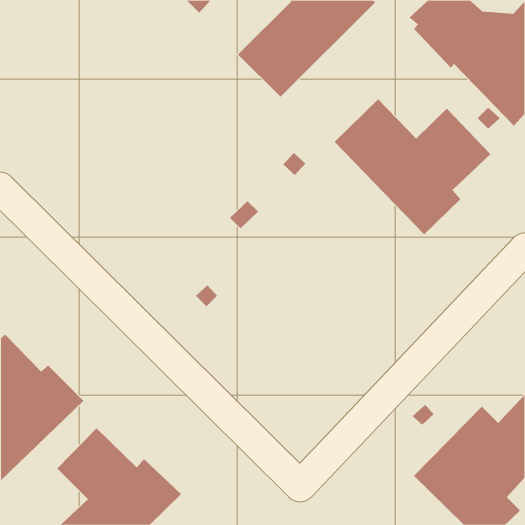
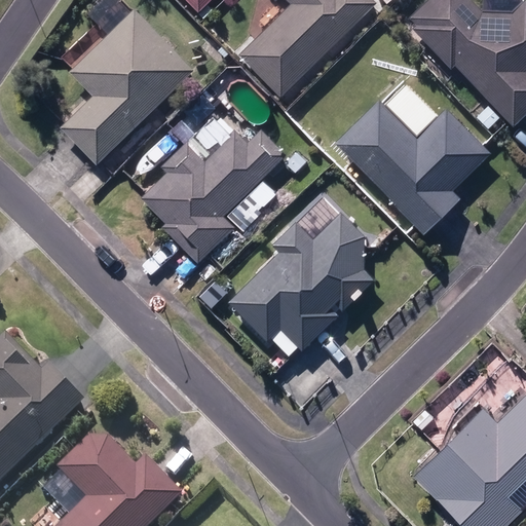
building: none -> [62,9,194,164]
building: none -> [142,116,287,263]
building: none -> [230,213,375,351]

